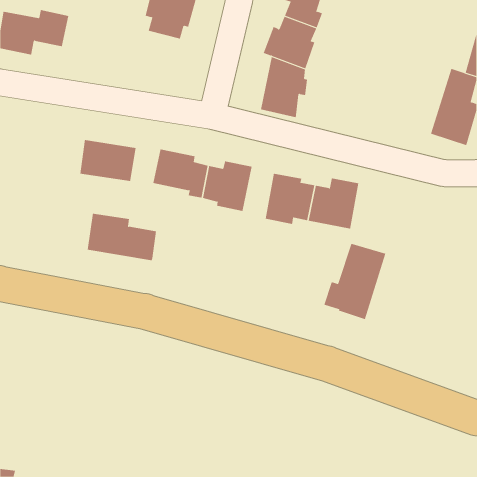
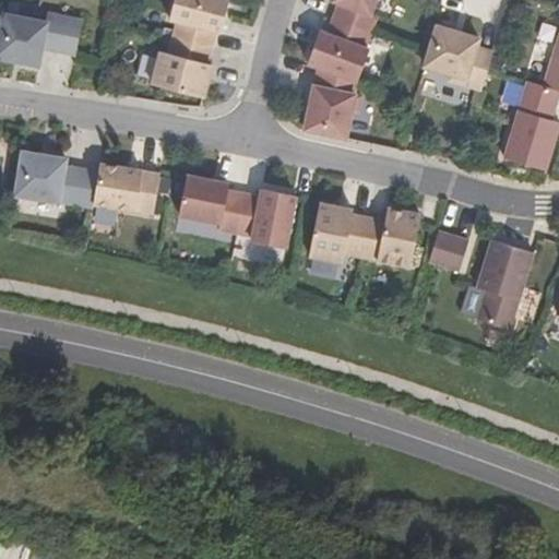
building: none -> [424,25,492,90]
building: none -> [152,36,211,97]
building: none -> [428,230,467,271]
building: [87,213,157,261] -> [15,151,97,206]
building: [324,243,386,320] -> [460,240,533,330]

